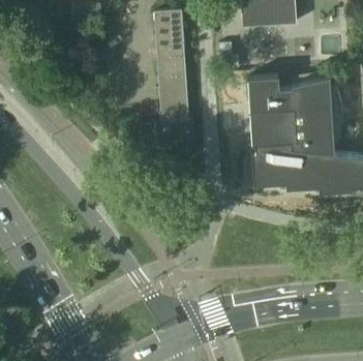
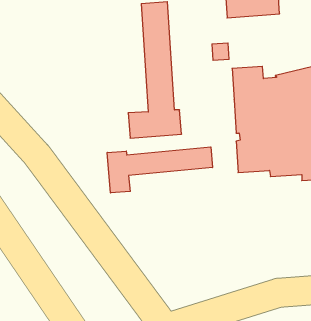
building: none -> [107,147,212,193]

